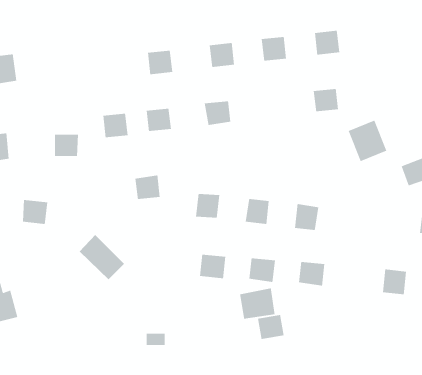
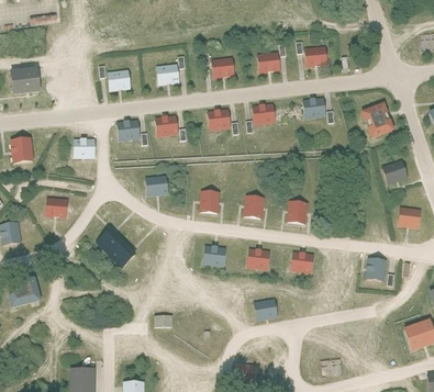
building: none -> [107,69,131,91]
building: none -> [252,103,276,125]
building: [348,120,387,162] -> [360,102,396,139]
building: [240,288,275,319] -> none

